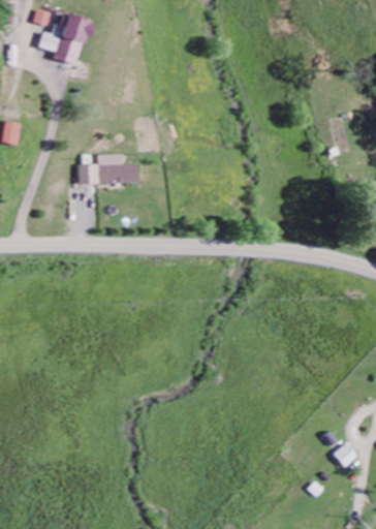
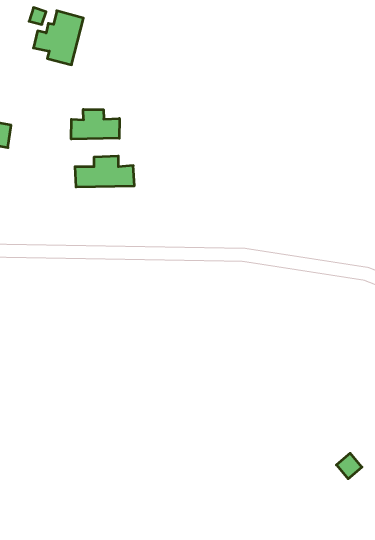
building: none -> [71,109,119,139]

